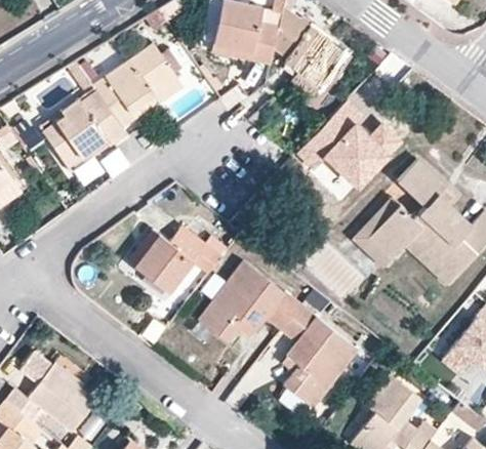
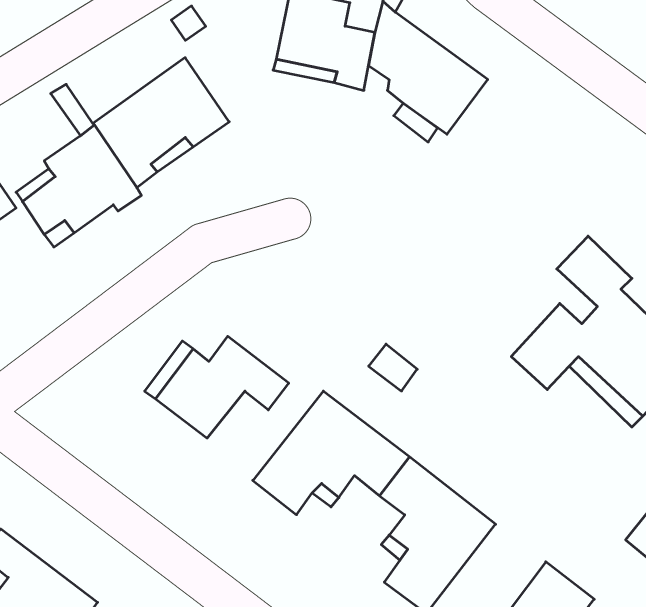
building: [300,103,398,185] -> none
building: [353,198,399,268] -> none

